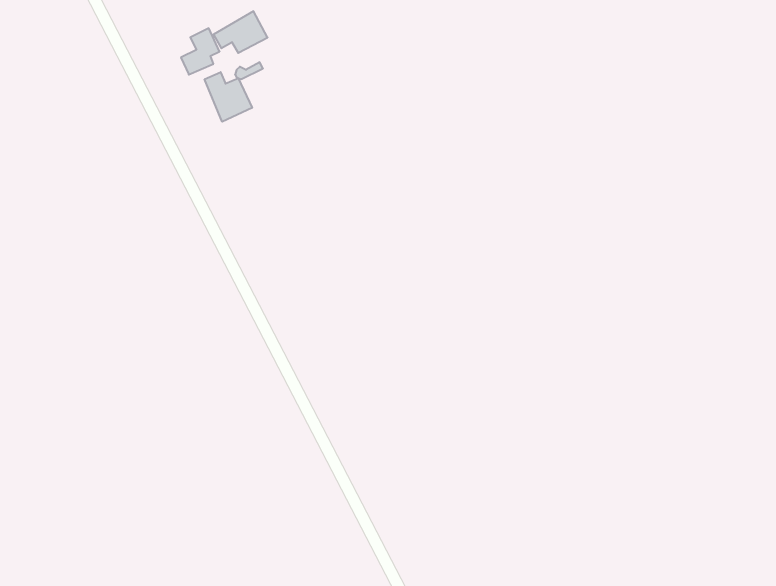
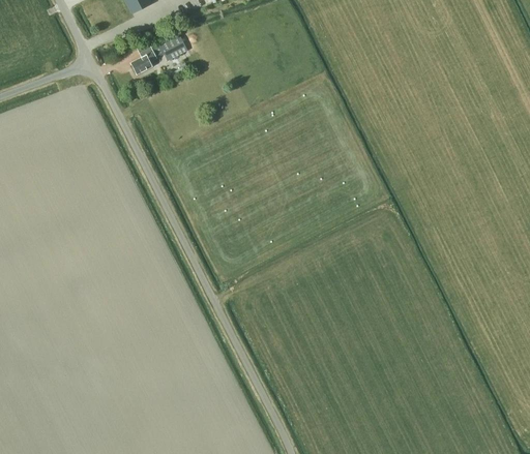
building: [205,72,252,122] -> none

